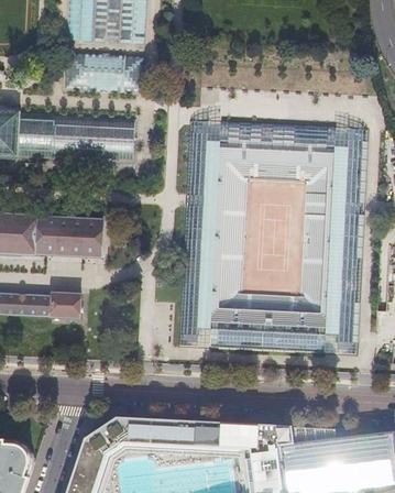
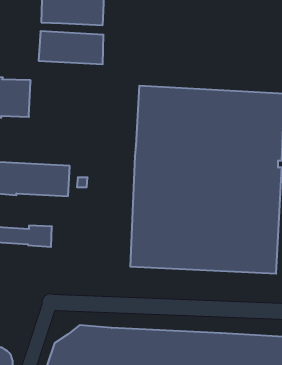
building: [51,114,134,161] -> none

